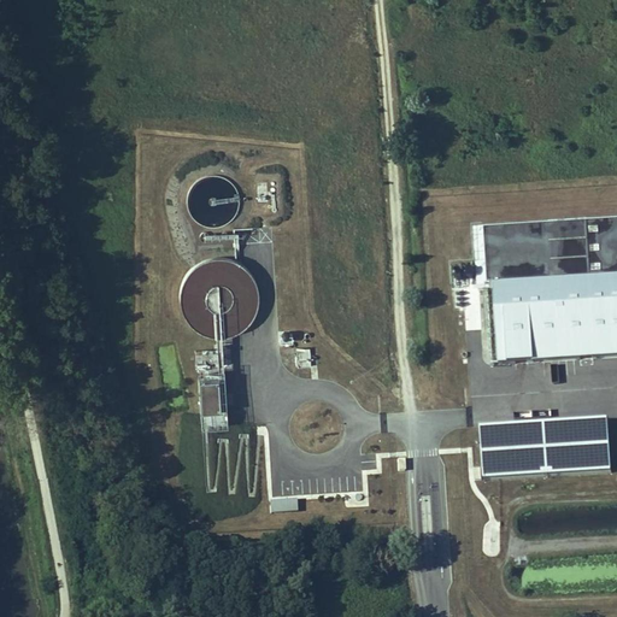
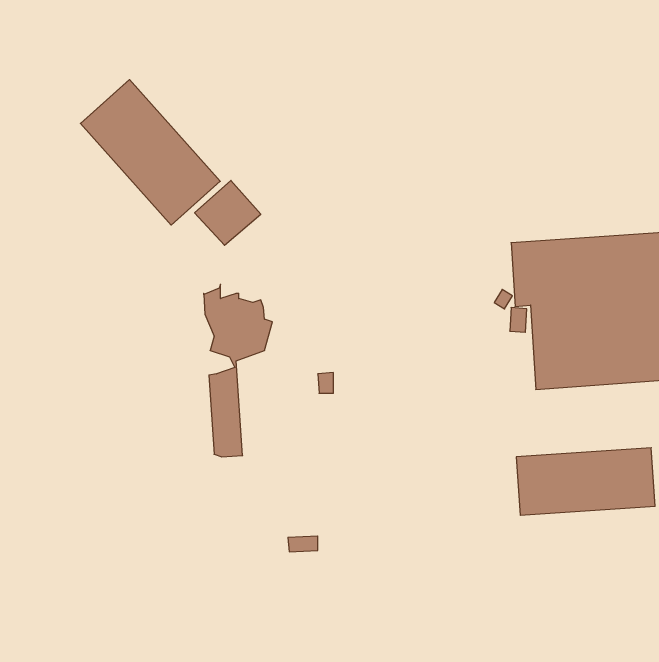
building: none -> [80,80,220,225]

